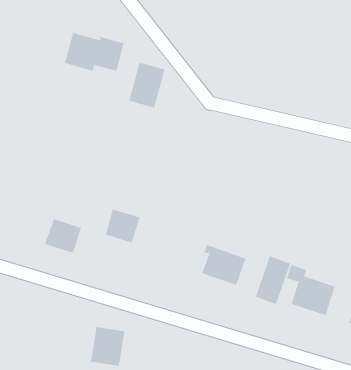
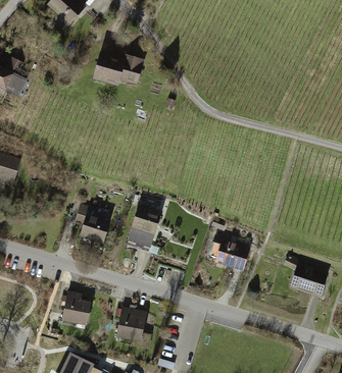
building: [129,62,165,108] -> none
building: [255,256,291,305] -> none
building: none -> [59,290,88,326]

